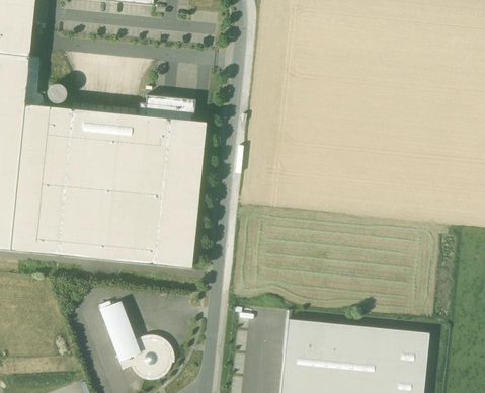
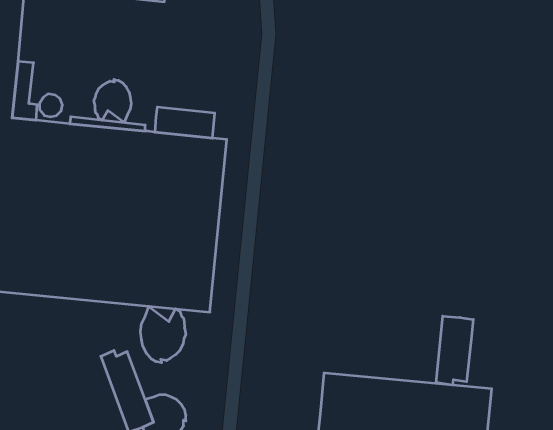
building: none -> [94,79,131,122]
building: none -> [140,306,186,363]
building: none -> [436,316,473,385]

